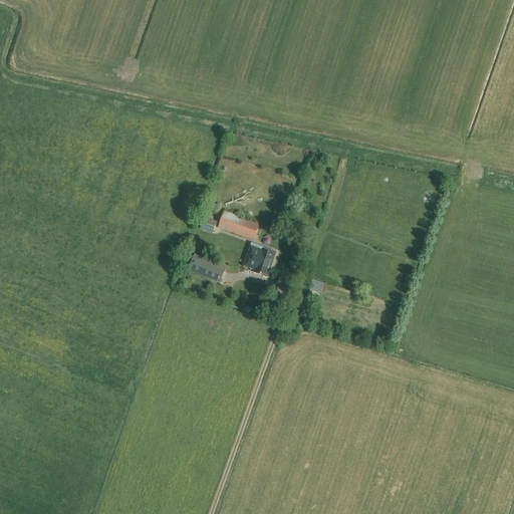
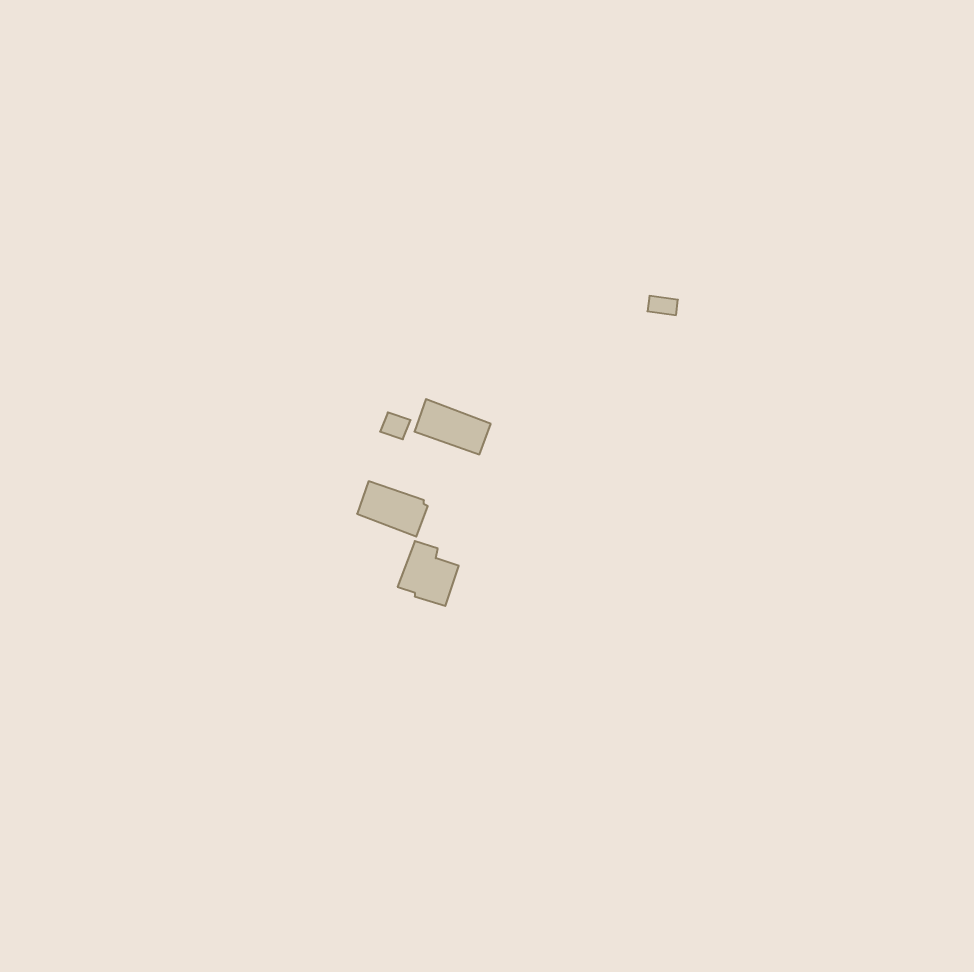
building: [242,241,274,275] -> [398,541,459,606]

